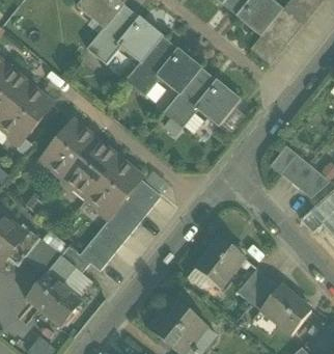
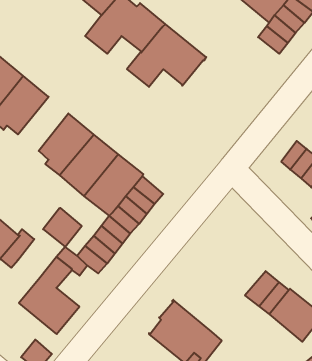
building: [164,66,241,128] -> none
building: [197,234,246,284] -> none
building: [24,238,60,274] -> [43,208,82,247]

